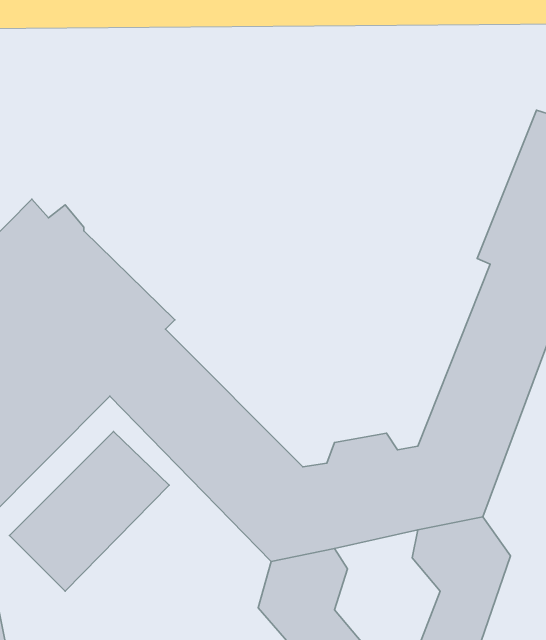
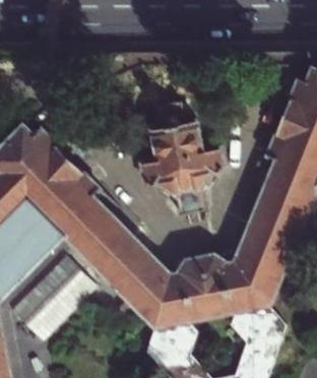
building: none -> [140,104,221,218]

